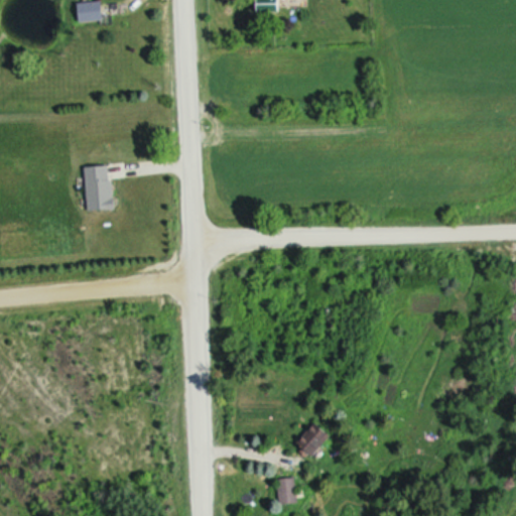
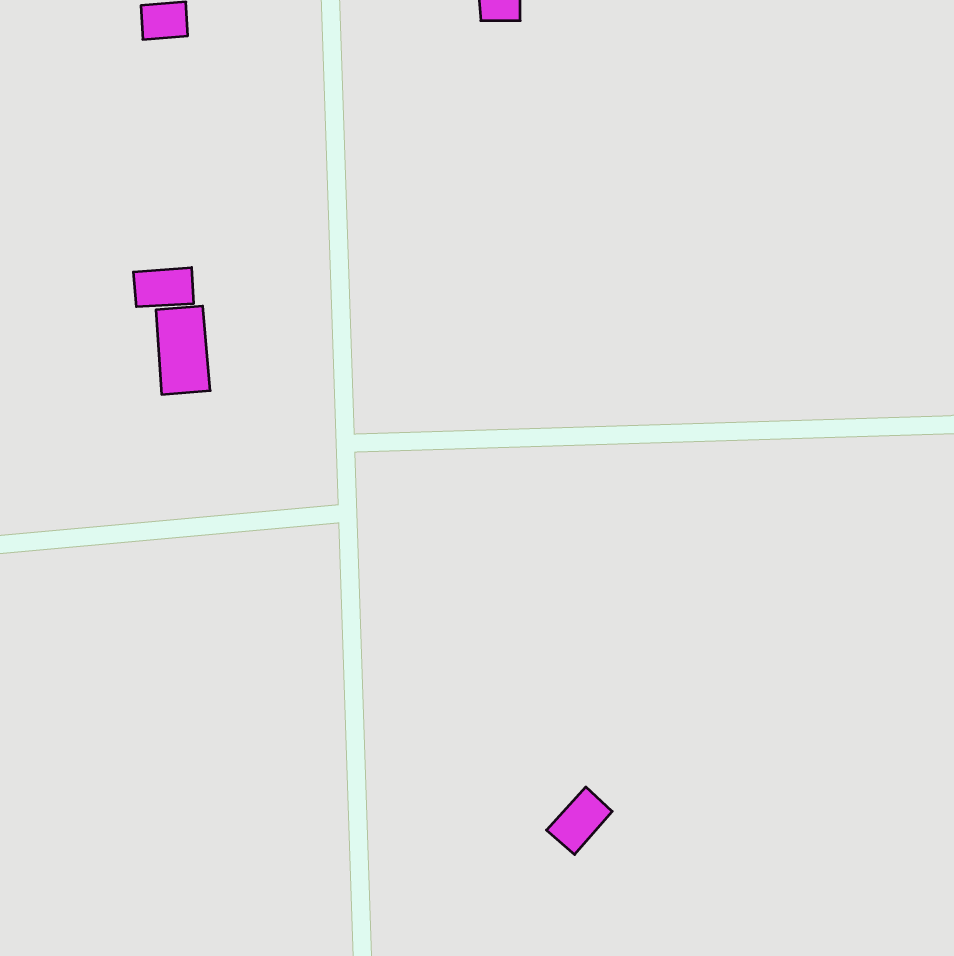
building: none -> [133,267,193,307]
building: [275,479,295,505] -> none

